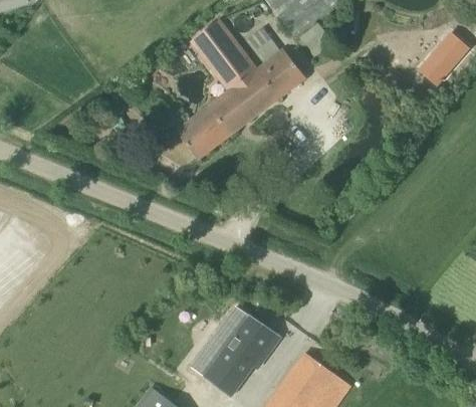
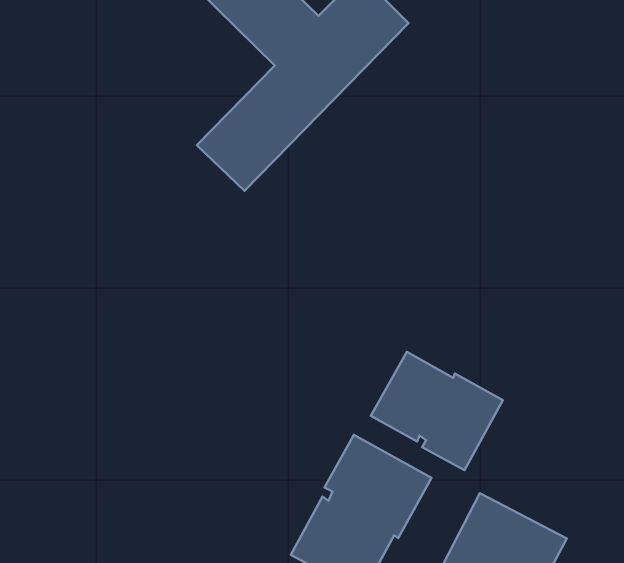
building: none -> [371,352,503,470]

